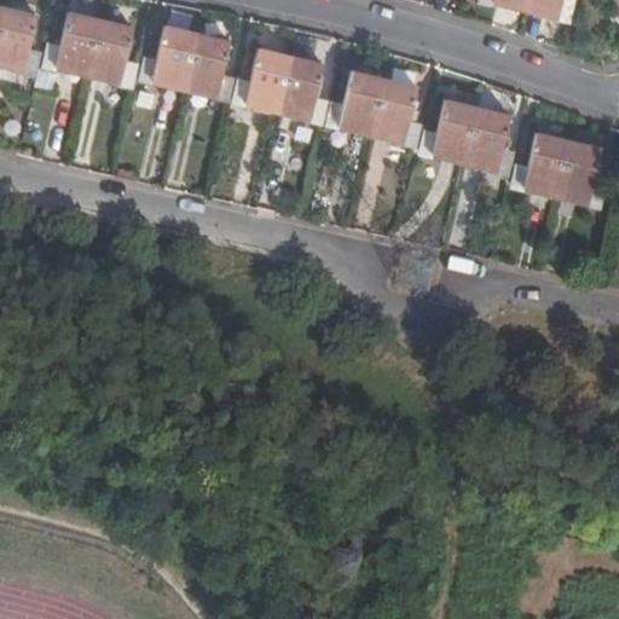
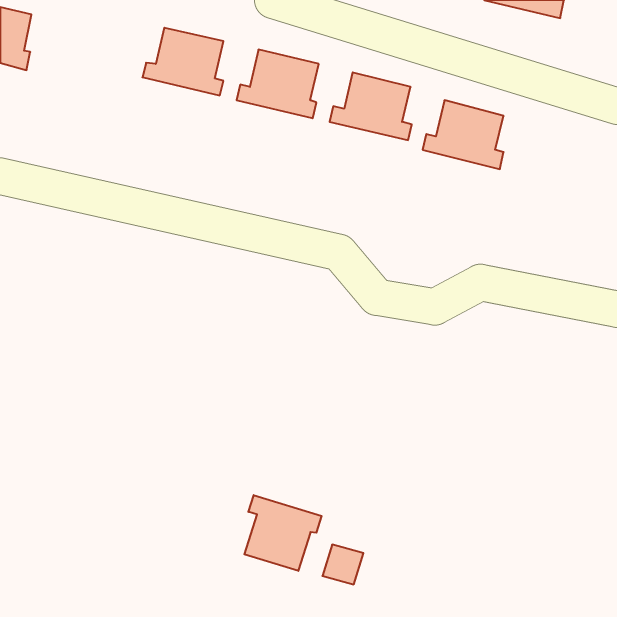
building: [47,13,127,82] -> none
building: [514,134,597,203] -> none
building: none -> [244,495,322,571]

